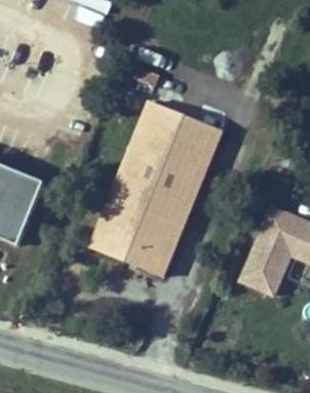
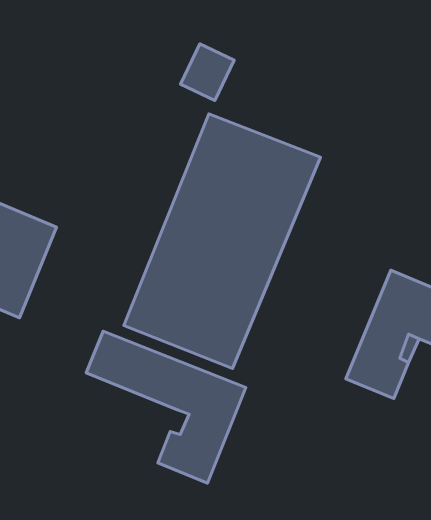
building: none -> [86,331,246,483]

